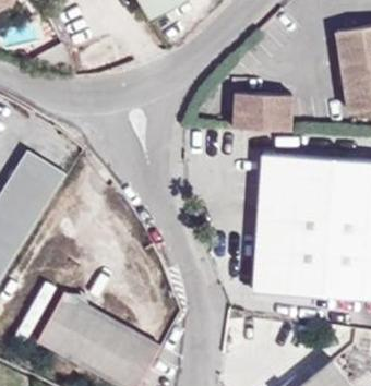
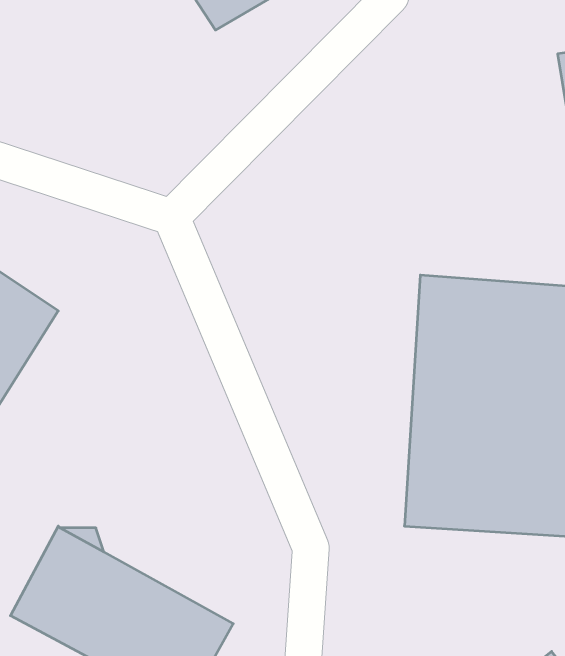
building: [234,93,292,131] -> none

